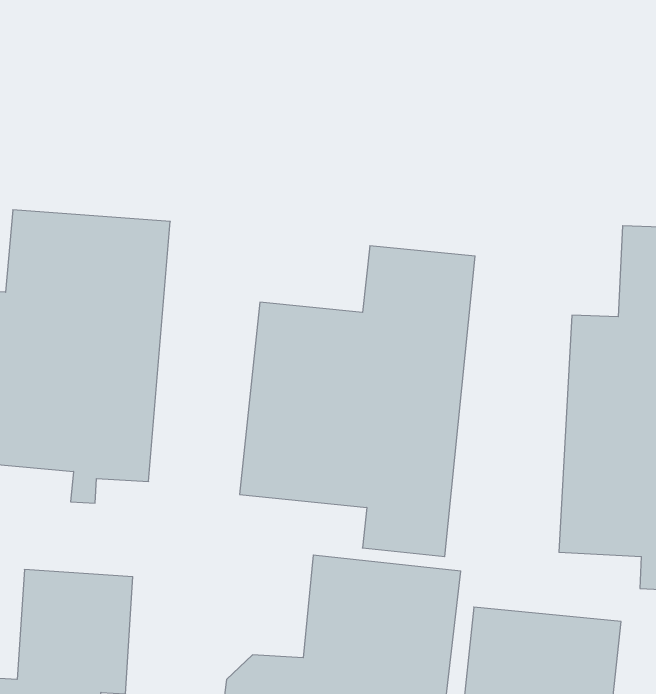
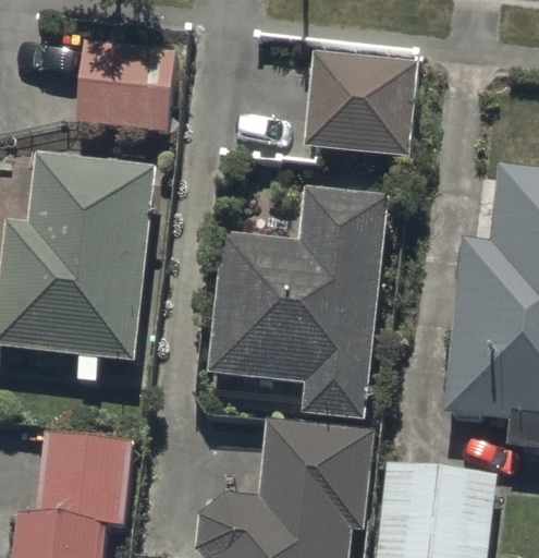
building: none -> [81,36,184,125]
building: none -> [304,53,415,153]

